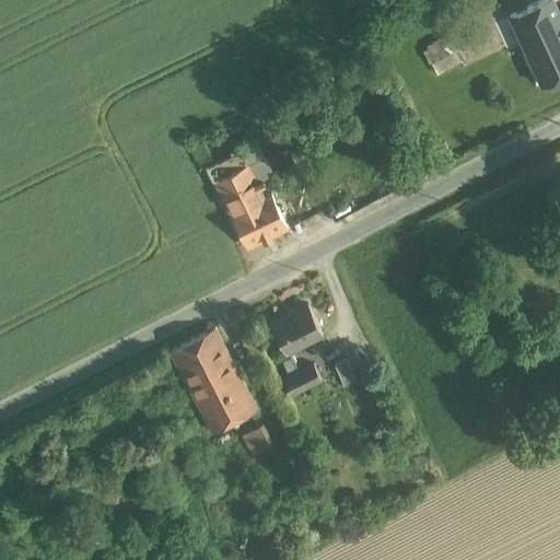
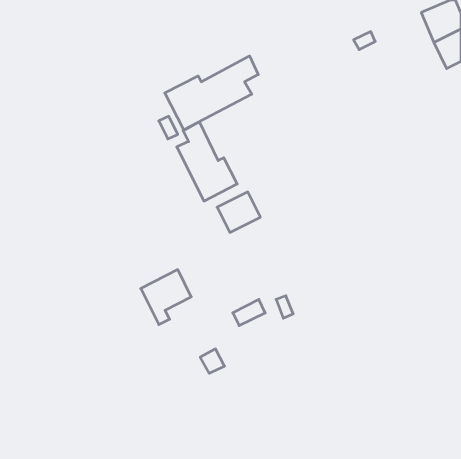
building: none -> [165,56,258,130]
building: [271,306,324,355] -> [217,192,260,232]
building: [192,362,257,432] -> none

